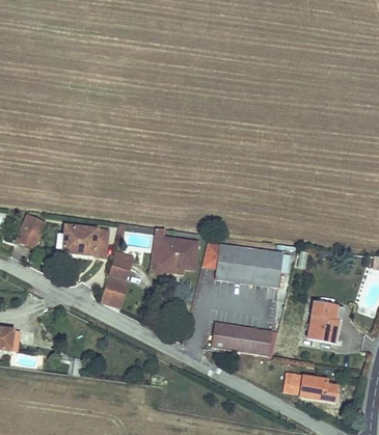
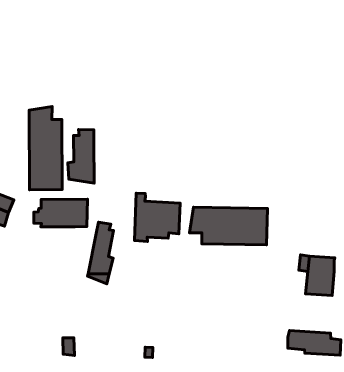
building: none -> [29,106,62,190]
building: none -> [68,130,94,183]
building: [210,321,268,354] -> none

